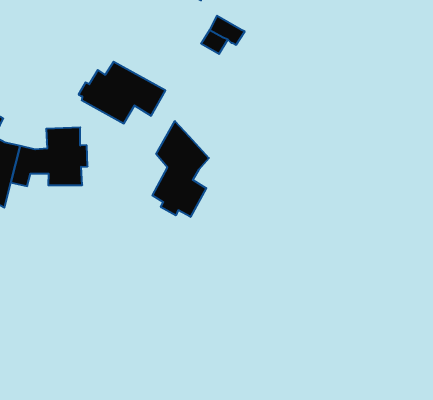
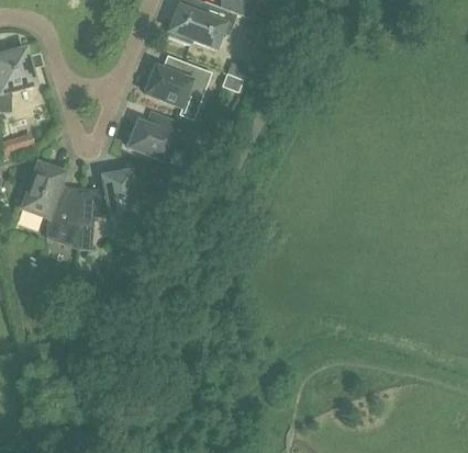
building: none -> [144,61,211,106]
building: [152,121,209,217] -> none

